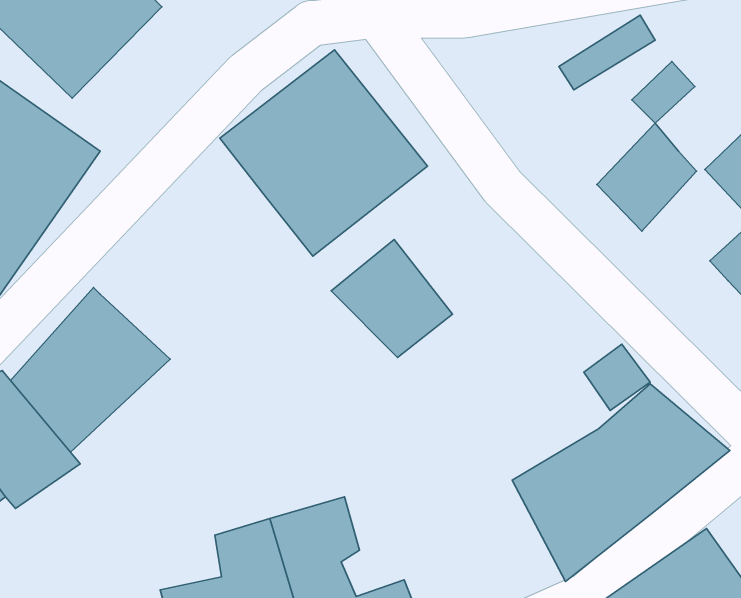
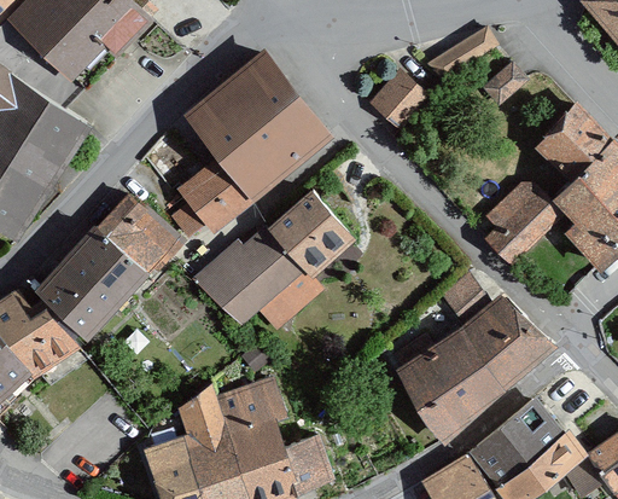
building: none -> [375,75,426,126]
building: [597,123,697,231] -> [479,185,552,263]
building: none -> [176,159,250,232]
building: none -> [95,195,177,277]
building: none -> [197,227,311,325]

